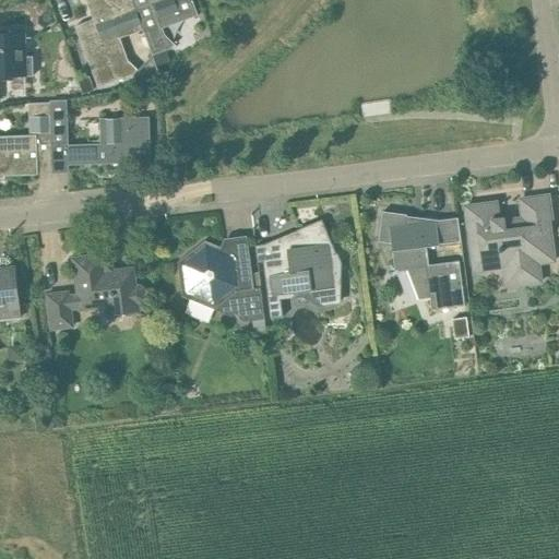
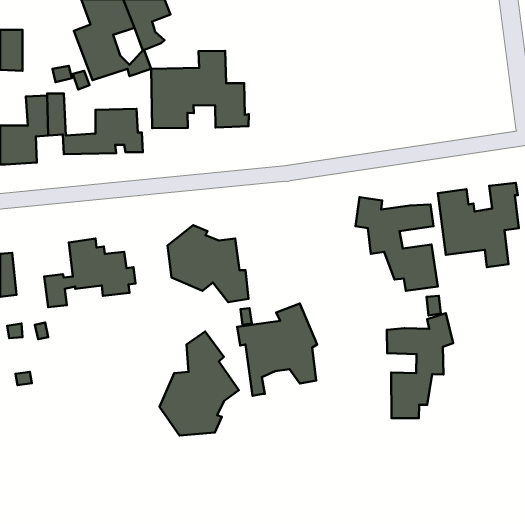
building: none -> [151,51,249,128]
building: [254,218,340,317] -> [237,303,317,396]
building: none -> [387,313,453,418]
building: none -> [159,332,239,435]

